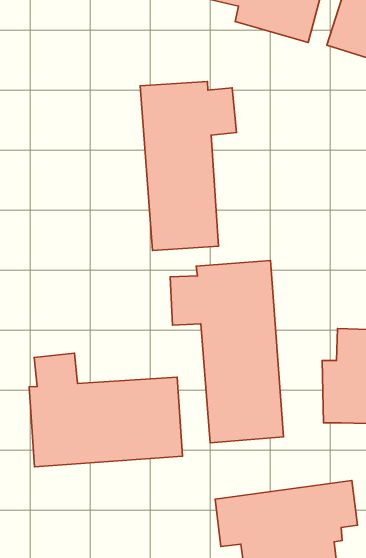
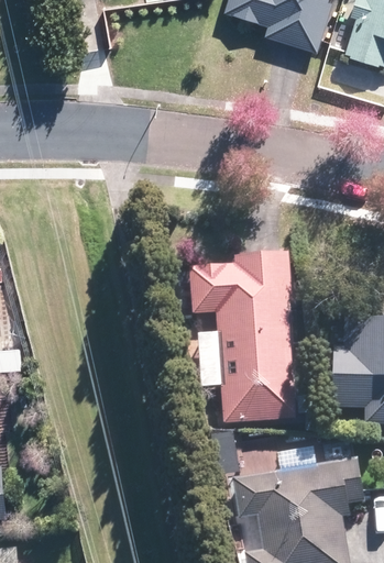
building: [140,81,237,251] -> none
building: [29,353,182,467] -> none

